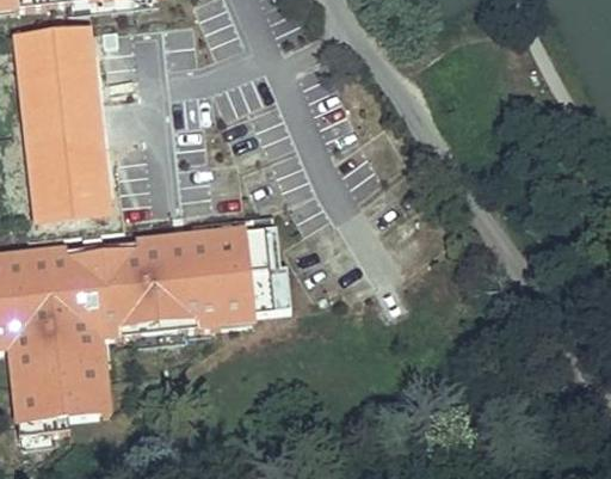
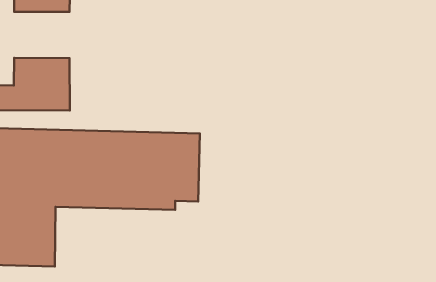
building: [20,84,99,152] -> none

